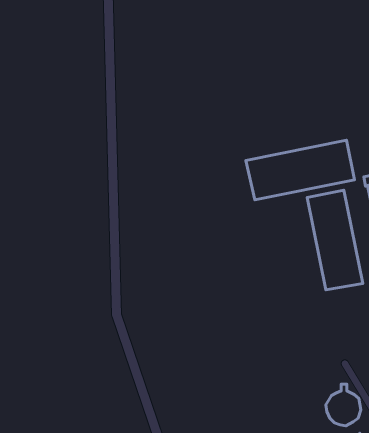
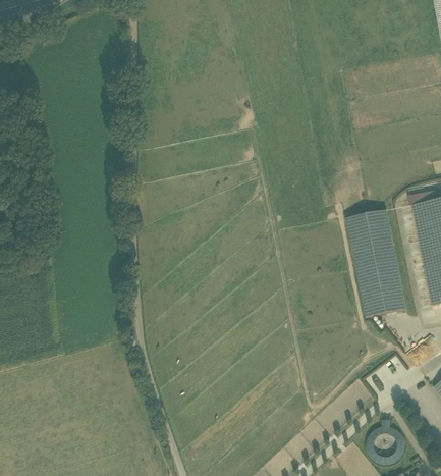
building: [246,140,355,200] -> none

